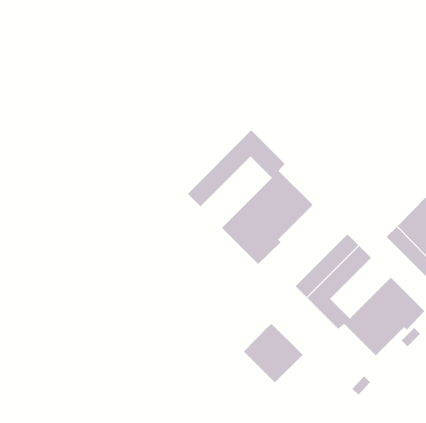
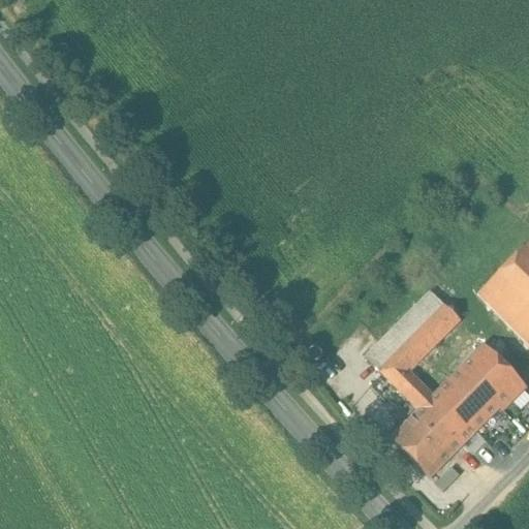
building: [187,130,313,265] -> none
building: [243,323,303,383] -> [392,402,466,476]

